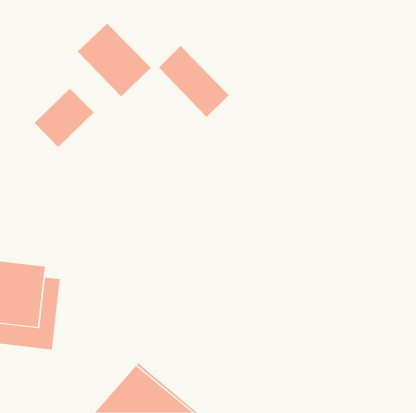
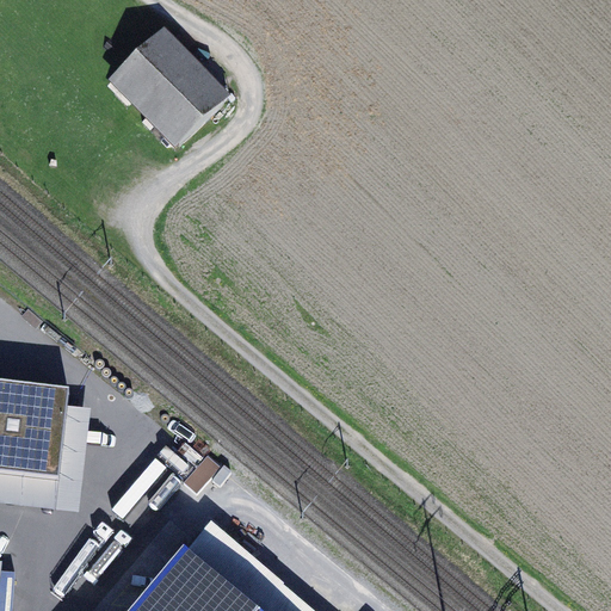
building: [158,45,230,118] -> none
building: [34,88,94,148] -> none

